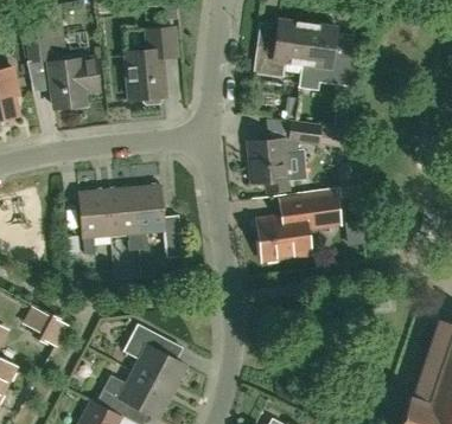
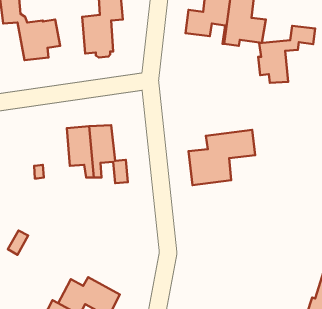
building: [250,122,320,192] -> [258,26,315,83]
building: [79,191,110,256] -> none
building: [123,325,186,394] -> none

